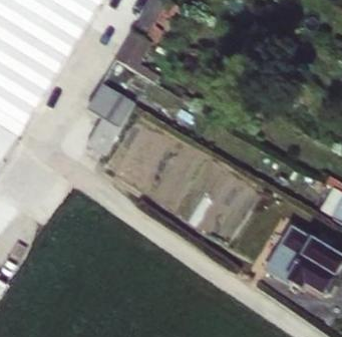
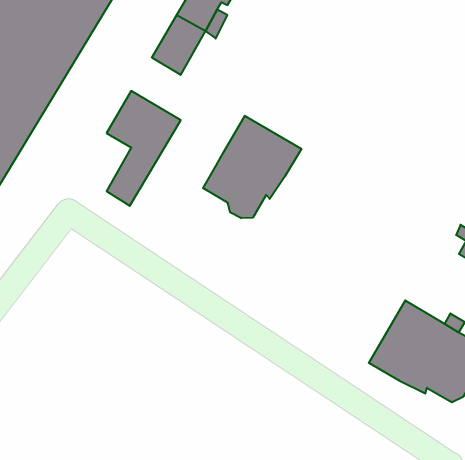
building: none -> [203,116,301,218]

